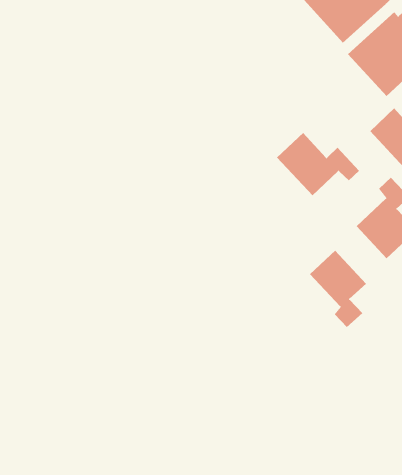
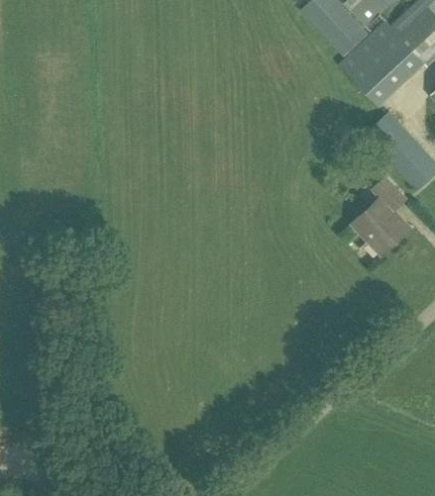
building: [276,132,360,196] -> none
building: [309,250,367,328] -> none

